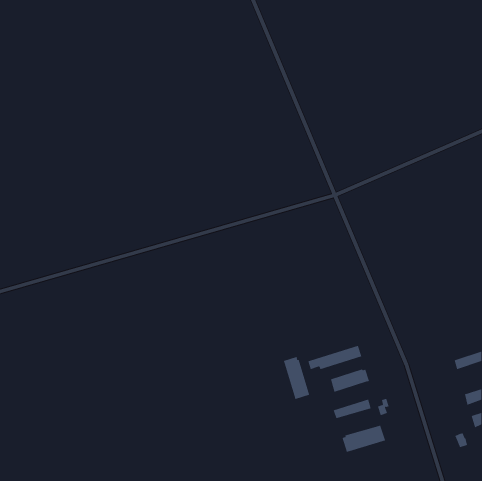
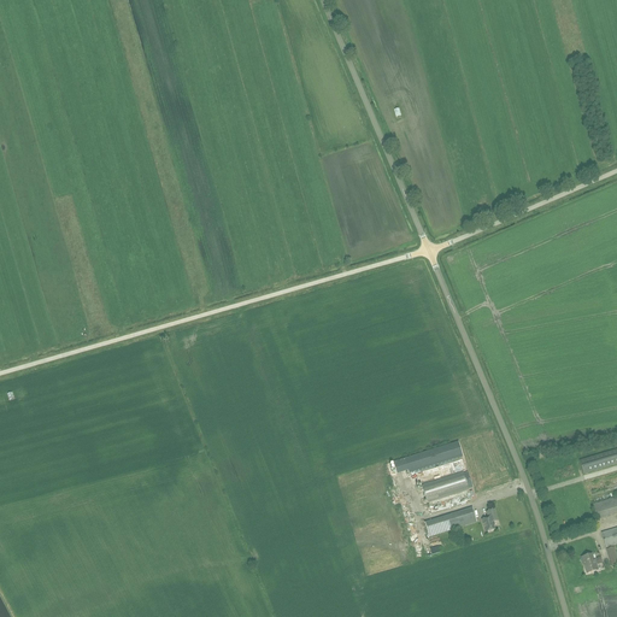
building: [283,356,310,400] -> none
building: [342,425,386,453] -> none

